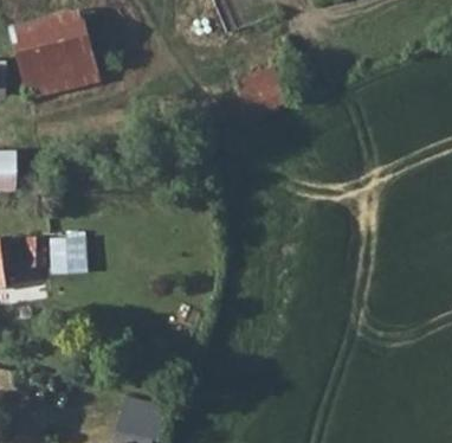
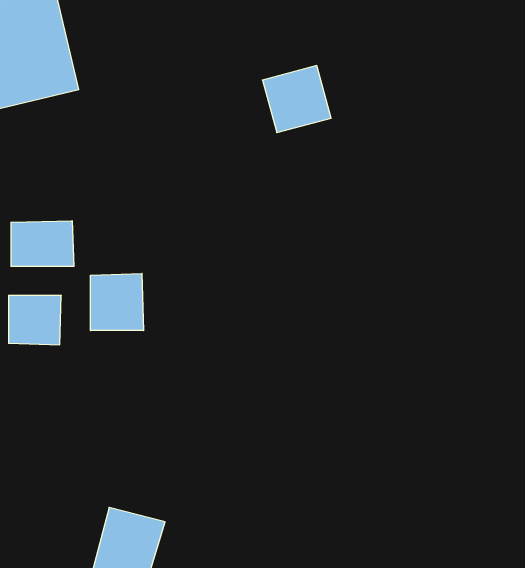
building: none -> [11,221,74,266]
building: none -> [91,273,144,331]

